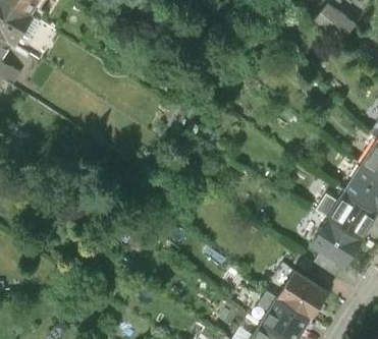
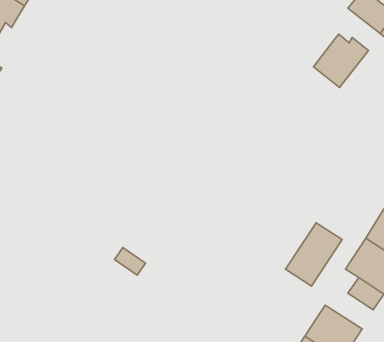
building: none -> [313,34,368,88]
building: none -> [286,223,342,286]

